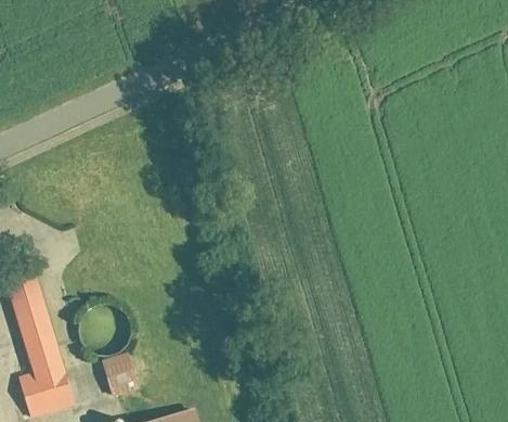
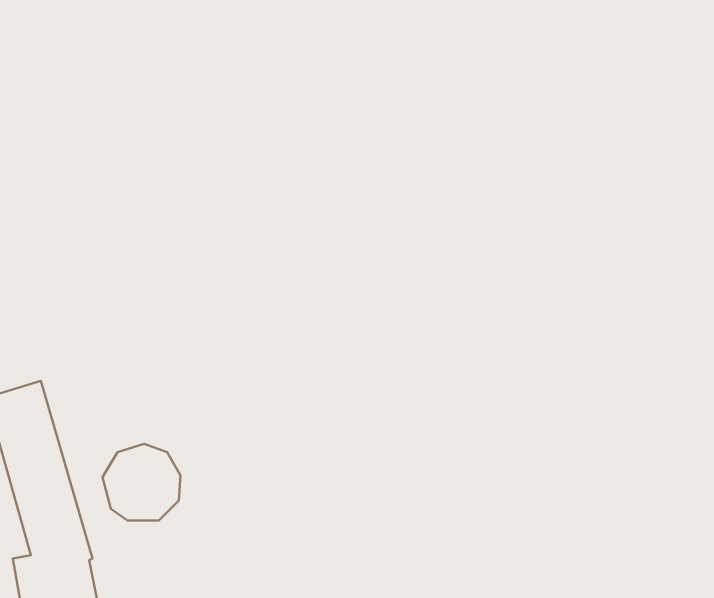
building: [96,357,131,396] -> none

